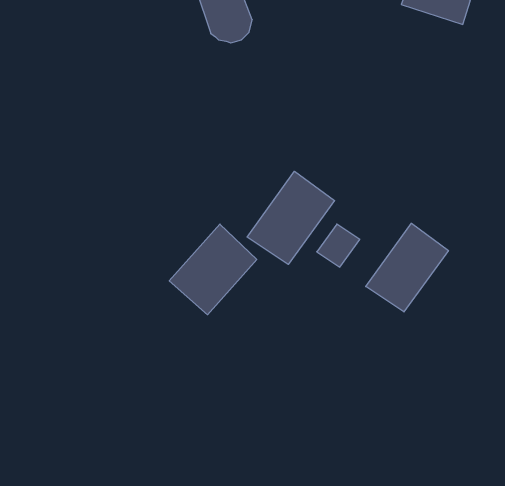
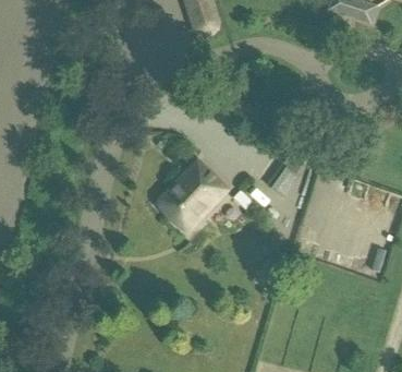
building: [247,171,335,264] -> none
building: [366,223,448,312] -> none

